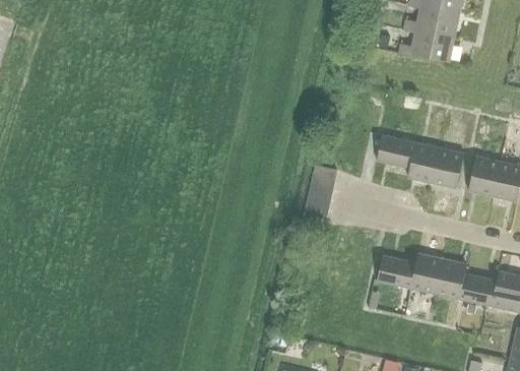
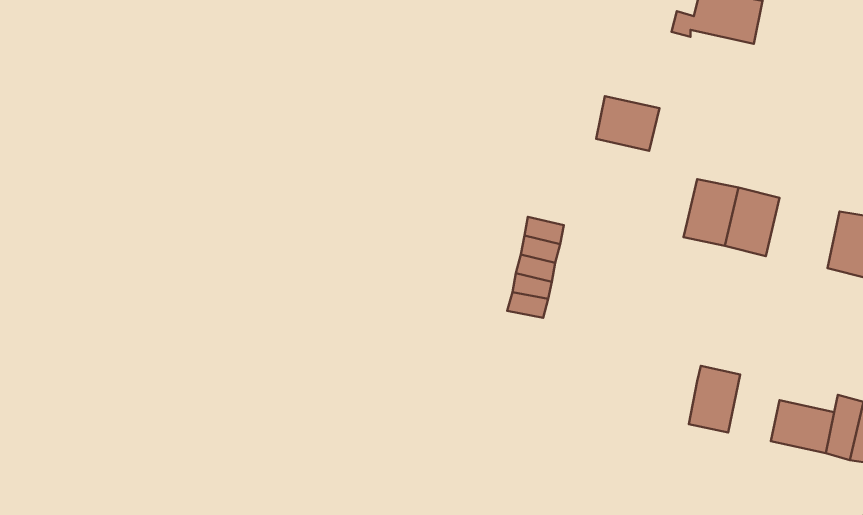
building: [378,135,415,168] -> [596,96,660,151]
building: [468,156,500,195] -> none
building: [377,255,415,288] -> none
building: [434,258,466,298] -> none

